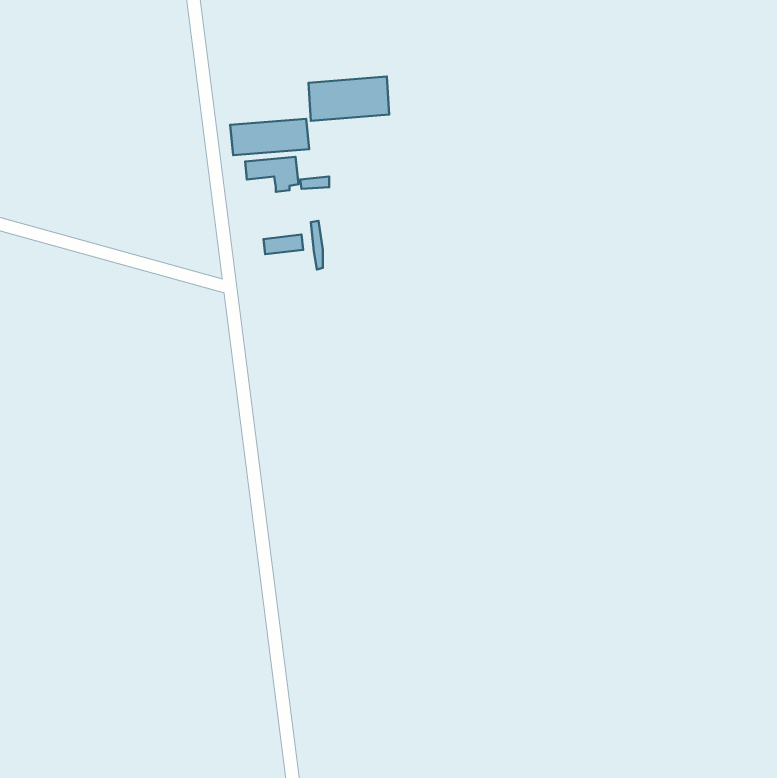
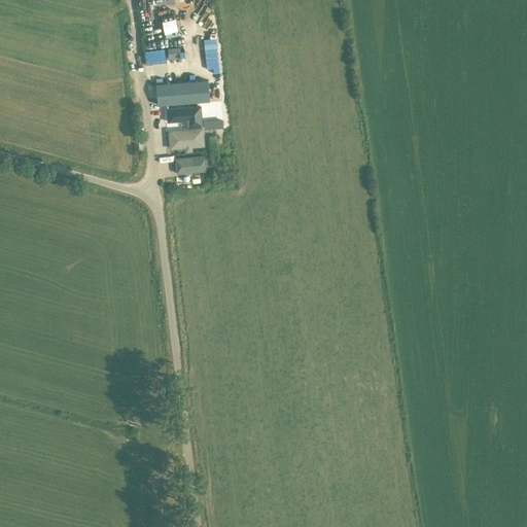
building: [309,77,389,121] -> none
building: none -> [170,131,204,150]

